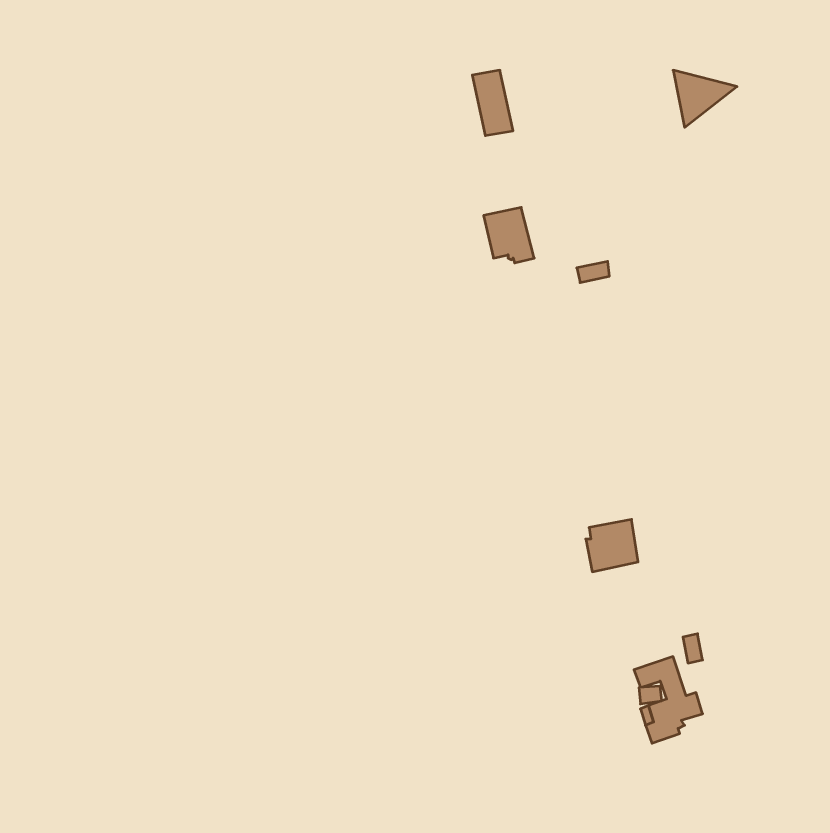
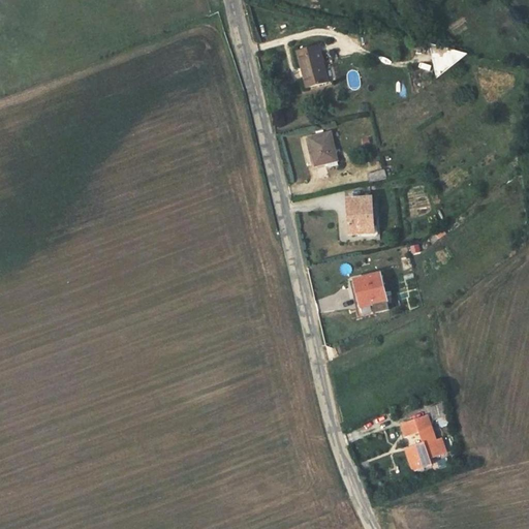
building: none -> [348,194,372,231]
building: [586,519,638,572] -> [352,274,385,307]

